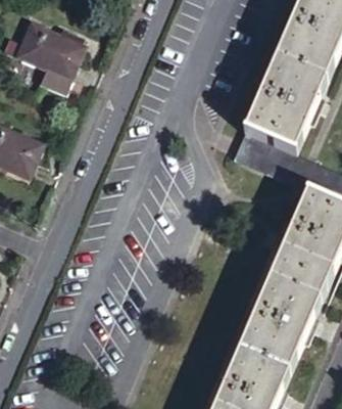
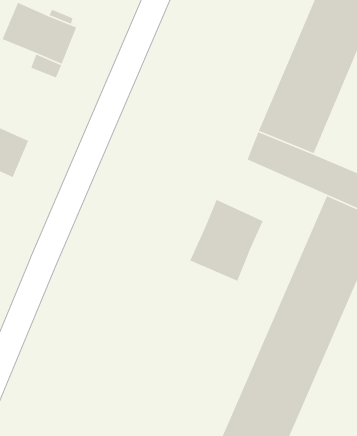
building: none -> [189,199,264,282]

